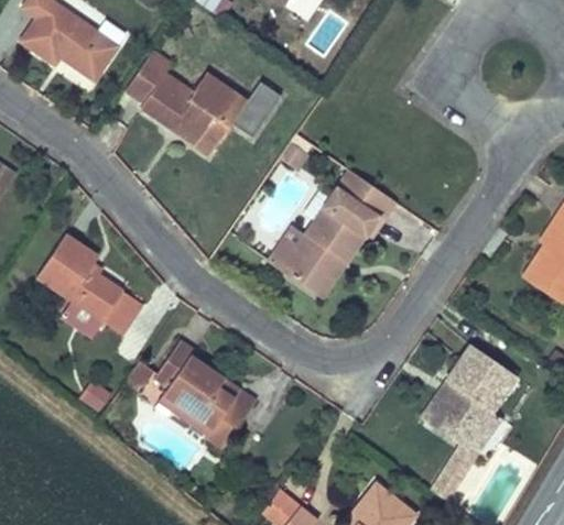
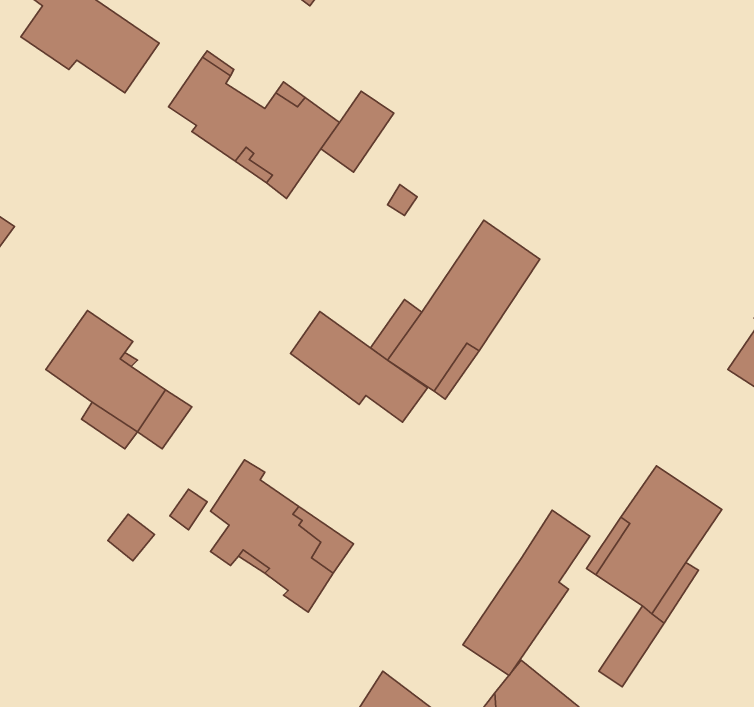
building: none -> [290,312,428,422]
building: none -> [463,510,590,675]

